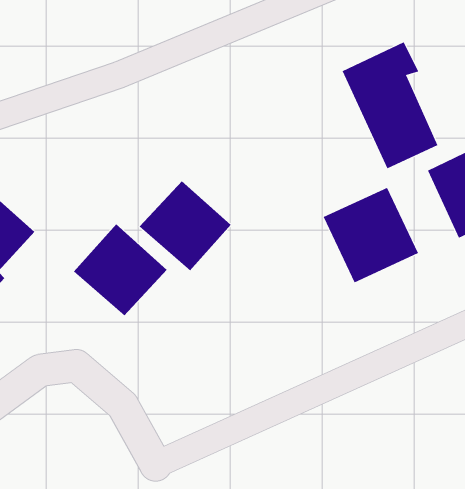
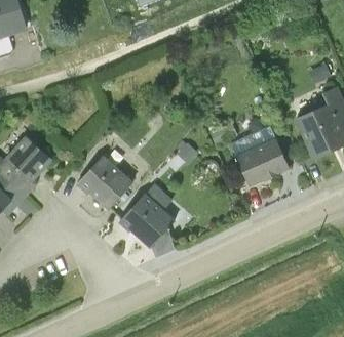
building: [342,42,438,169] -> none
building: [139,180,231,271] -> [118,195,176,251]

